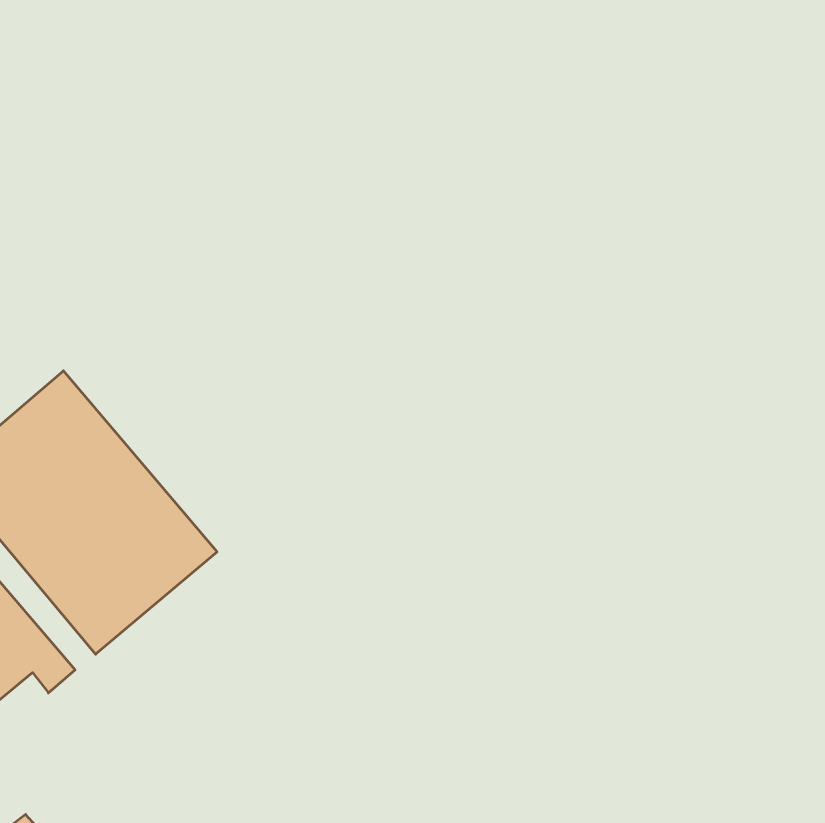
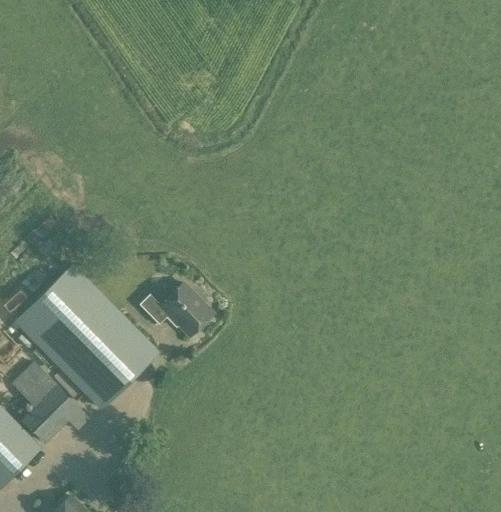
building: none -> [139,281,215,339]

